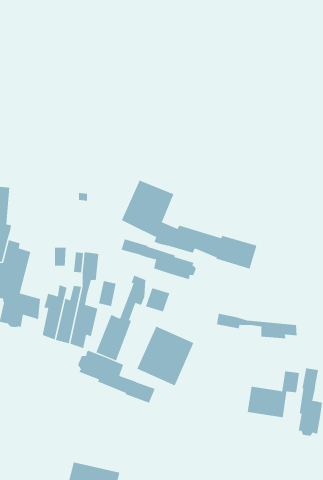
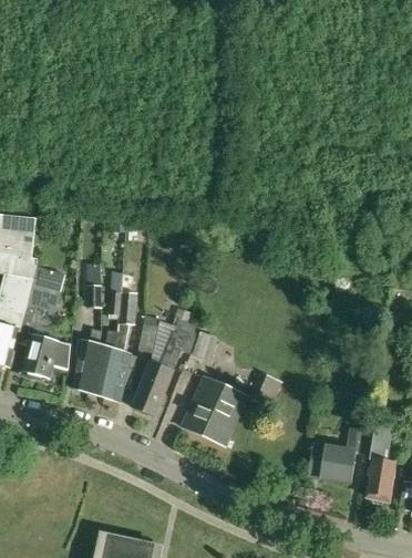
building: [121,179,257,270] -> none
building: [121,238,196,280] -> none
building: [216,313,297,339] -> none
building: [77,350,155,403] -> none

